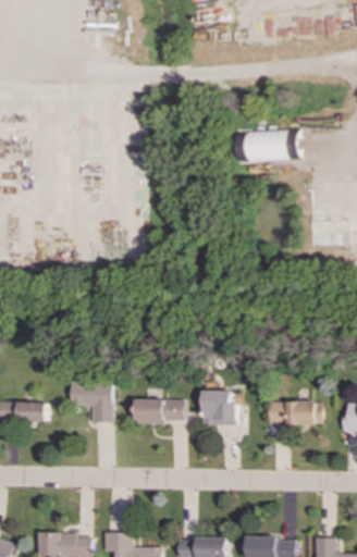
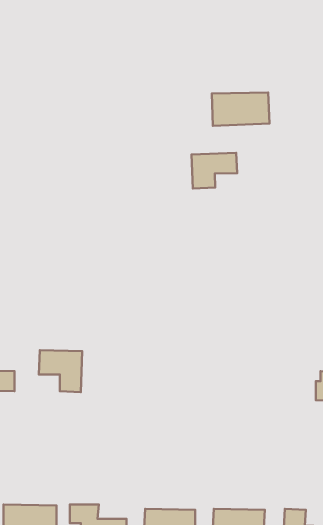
building: none -> [192,153,237,189]
building: [202,391,237,425] -> none
building: [136,399,185,423] -> none
building: [269,401,323,424] -> none

